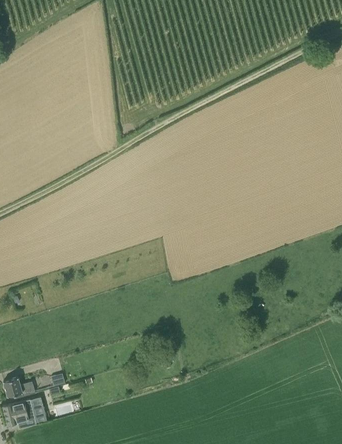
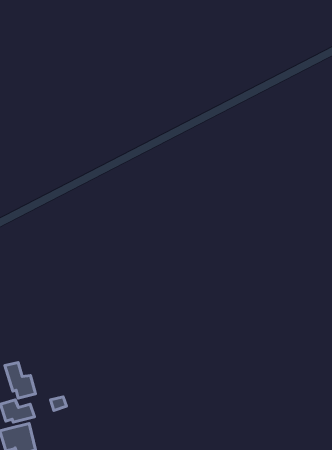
building: none -> [5,362,36,398]

